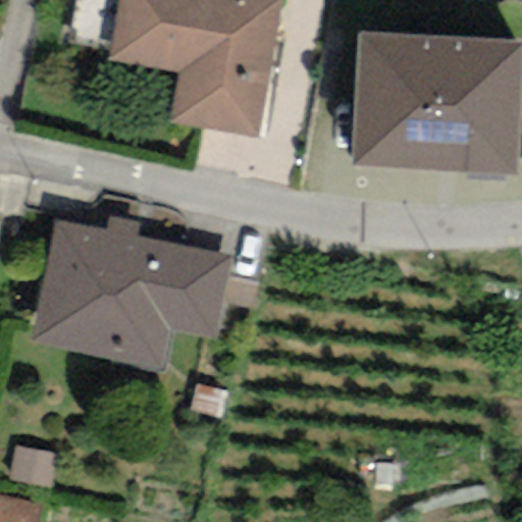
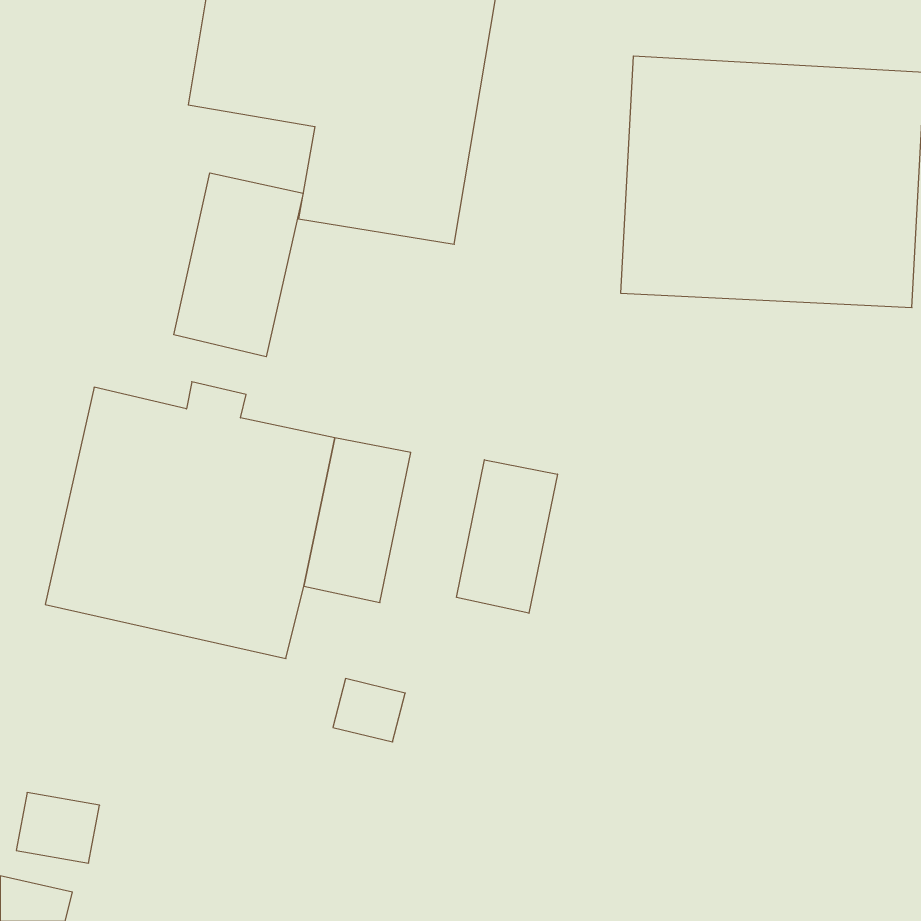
building: none -> [174,173,303,357]
building: none -> [457,460,557,613]

